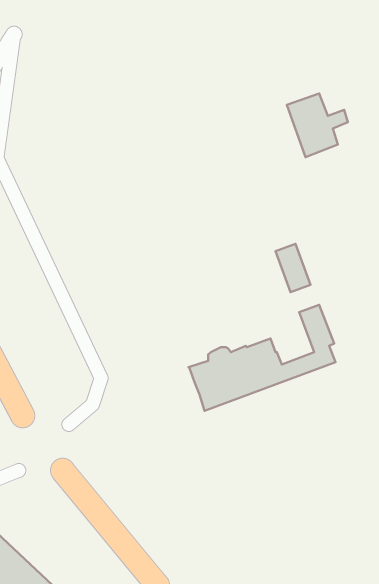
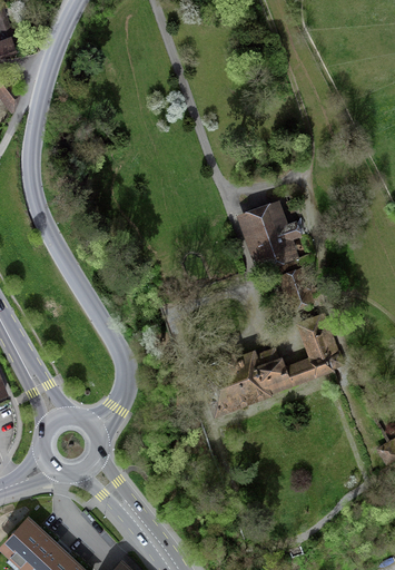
building: [287,94,348,157] -> [244,209,298,266]

